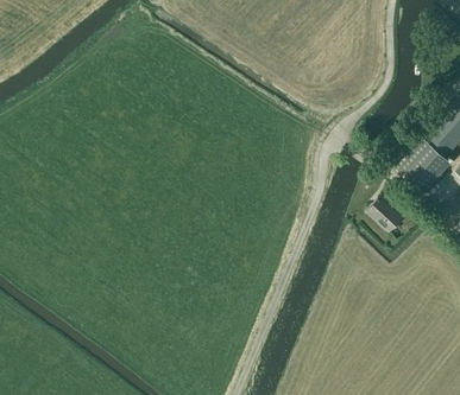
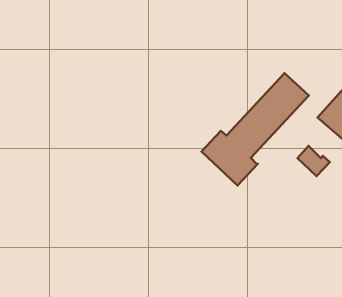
building: none -> [202,73,309,186]

